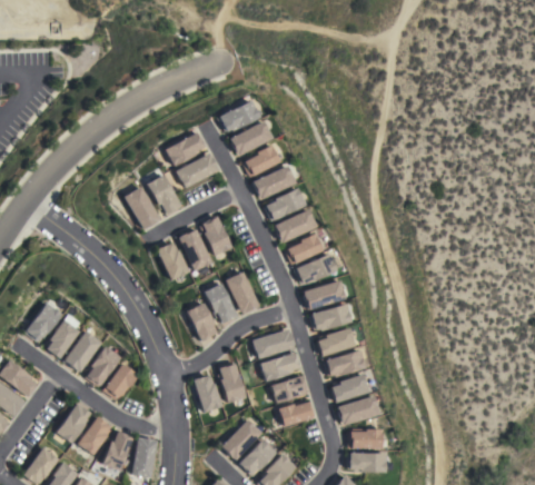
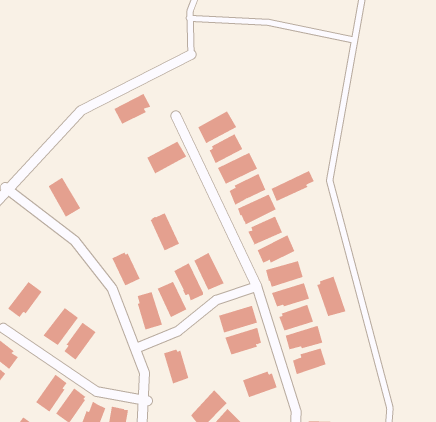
building: [218,100,260,131] -> none
building: [166,132,206,166] -> [114,93,151,125]
building: [148,175,182,215] -> none
building: none -> [271,170,314,202]
building: [126,186,161,229] -> [48,177,81,217]
building: [201,216,231,255] -> none
building: [158,242,189,279] -> [111,252,140,286]
building: none -> [316,276,346,317]
building: [48,319,81,358] -> none
building: [218,362,246,403] -> [137,292,163,330]
building: [103,363,139,399] -> none
building: [270,375,308,404] -> none
building: [338,395,380,425] -> none
building: [348,428,383,448] -> none

